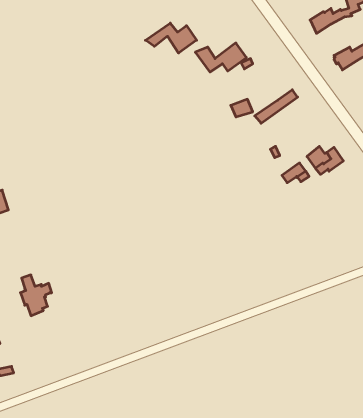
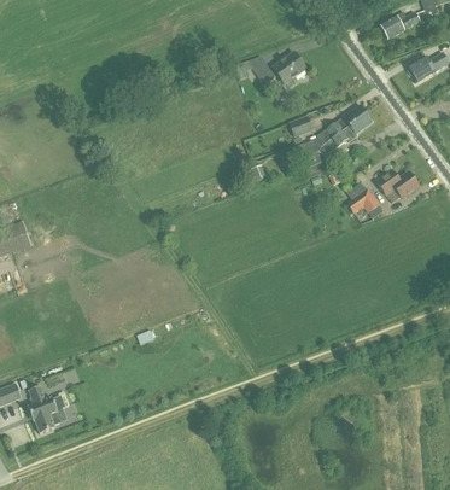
building: [145,23,197,53] -> none
building: none -> [300,113,370,167]
building: [20,275,52,316] -> [28,386,64,433]

